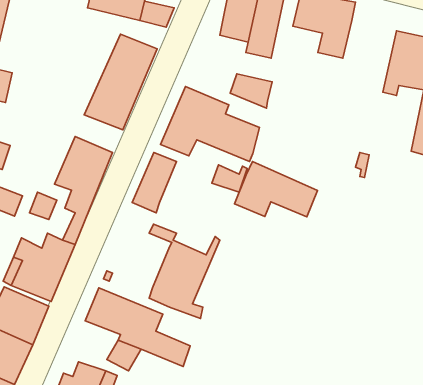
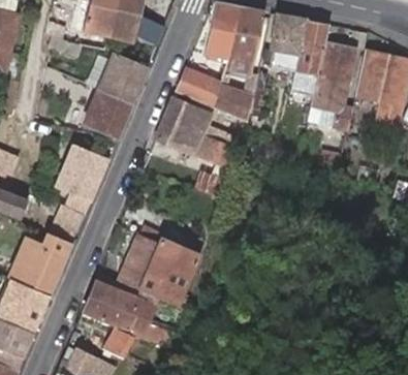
building: none -> [307,40,356,128]
building: none -> [177,71,221,106]
building: [132,152,177,213] -> [119,238,159,292]
building: [235,161,318,217] -> none

